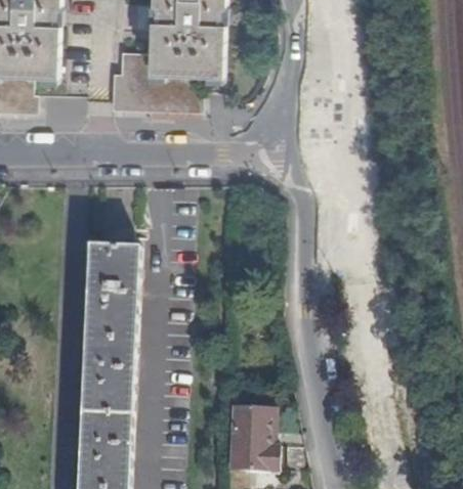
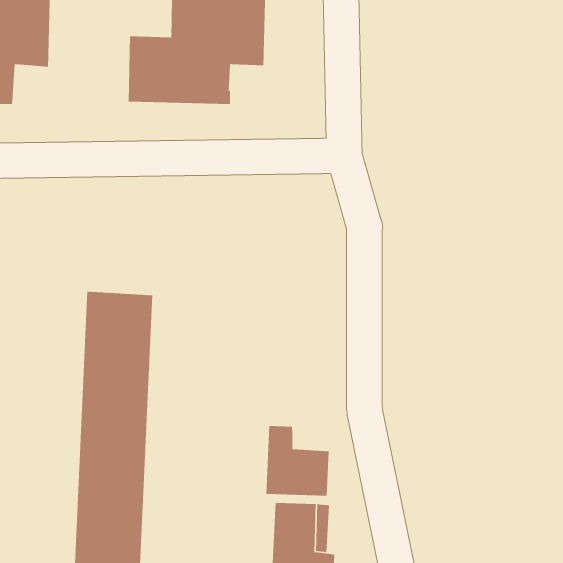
building: none -> [266,425,330,496]

